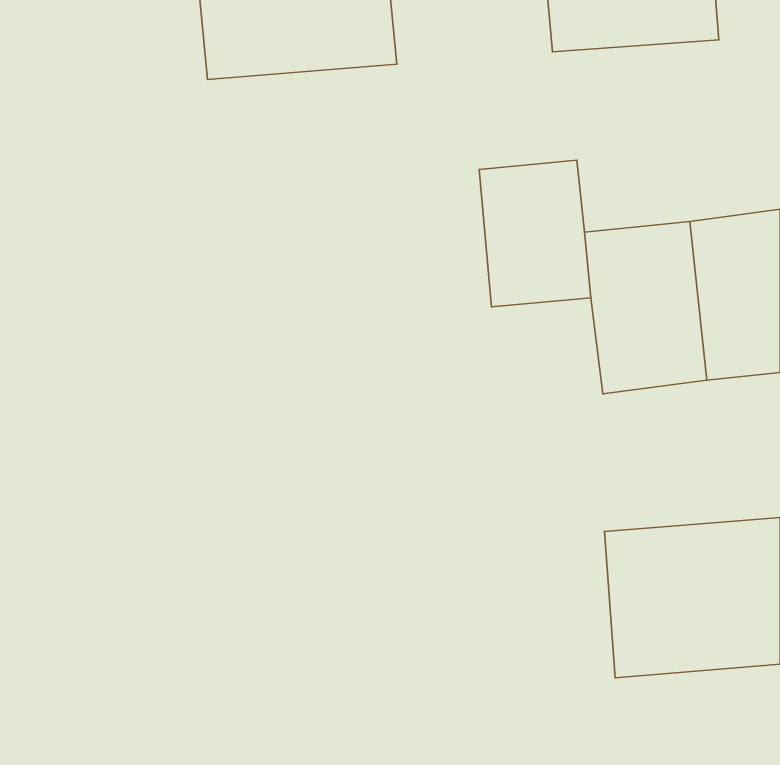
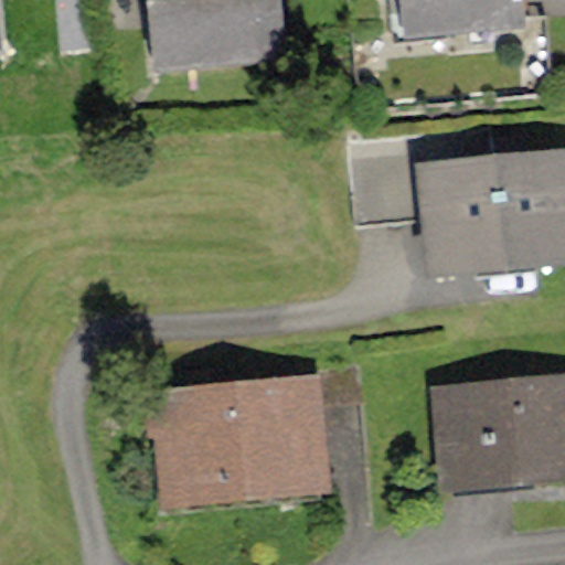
building: none -> [150,374,334,510]

